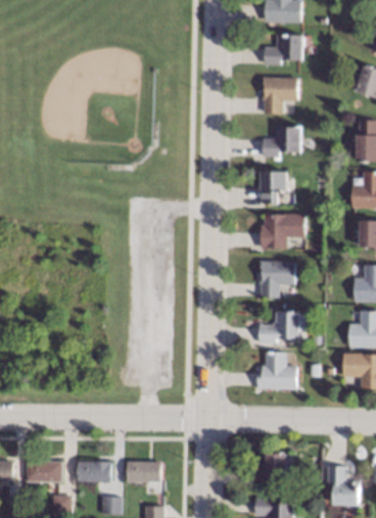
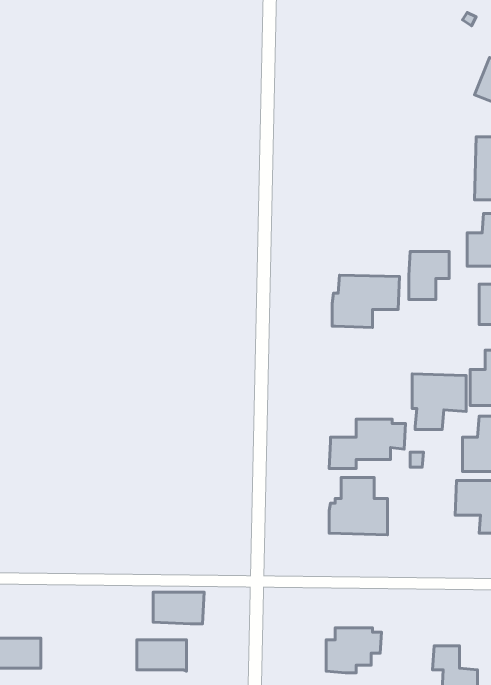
building: [265,34,304,65] -> none
building: [263,78,298,115] -> none
building: [263,126,301,158] -> none
building: [260,172,287,204] -> [409,251,449,299]
building: [258,261,295,298] -> [412,374,466,429]
building: [77,462,111,483] -> [153,592,204,624]

